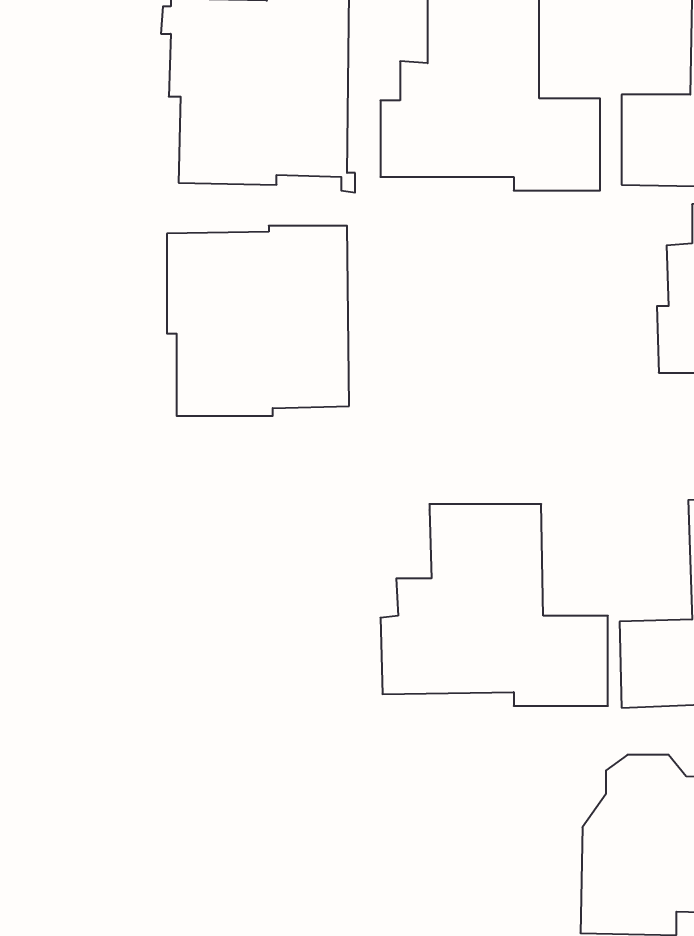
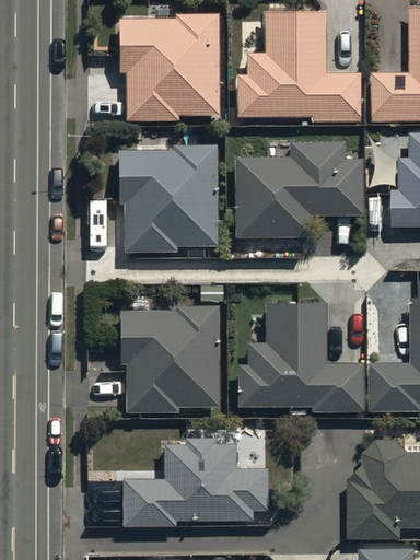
building: none -> [233,140,362,237]
building: none -> [119,287,222,413]
building: none -> [121,438,266,530]

